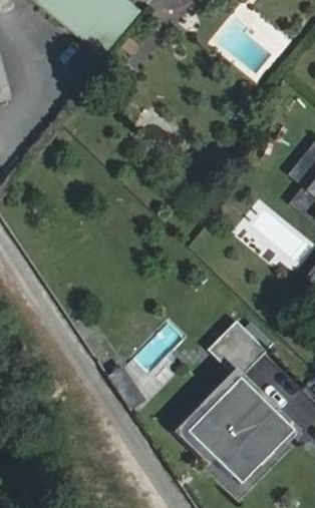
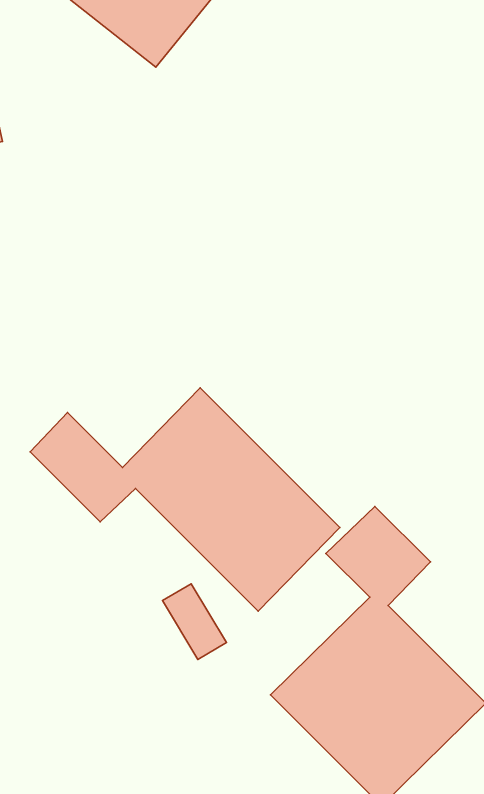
building: none -> [30,388,340,611]

